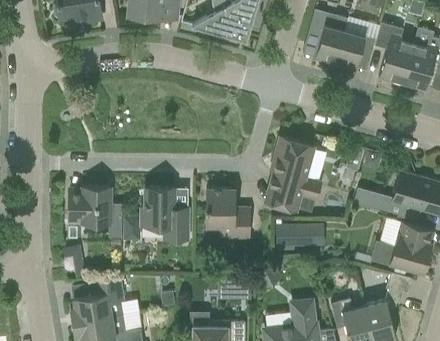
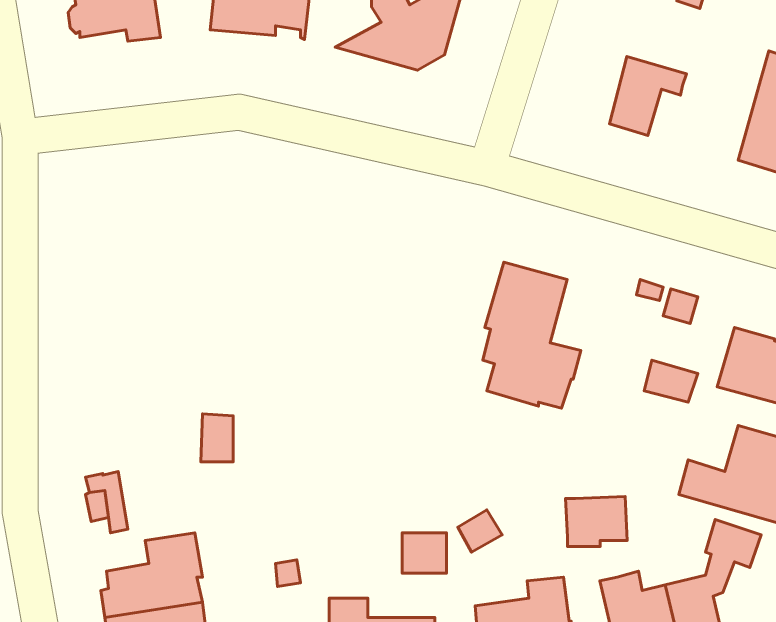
building: [315,14,348,65] -> none
building: [374,22,415,84] -> none
building: [69,187,112,224] -> none
building: [142,188,189,240] -> none
building: [207,189,250,238] -> none
building: [276,224,308,250] -> [566,496,627,546]

